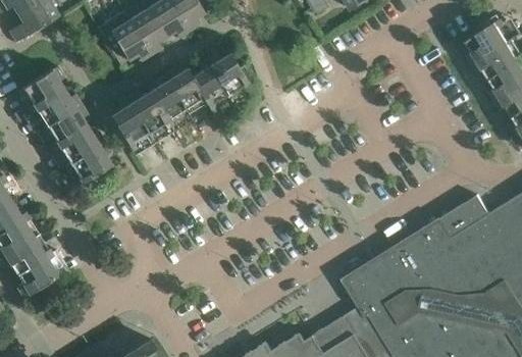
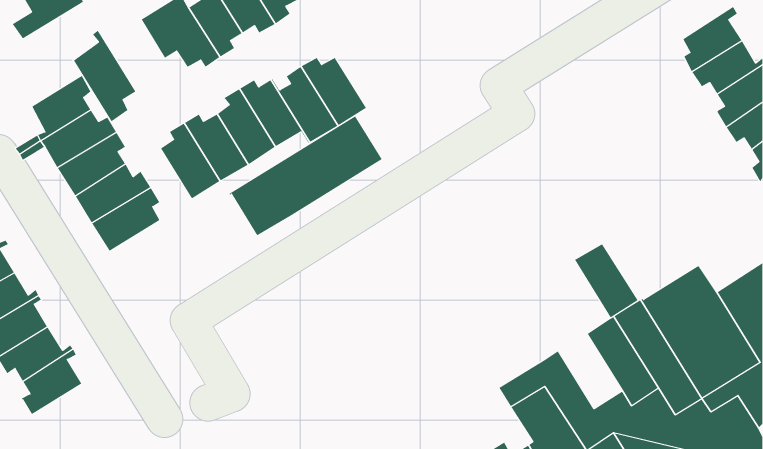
building: none -> [73,30,136,122]
building: none -> [229,116,383,236]
building: [381,242,425,293] -> [574,243,639,318]

